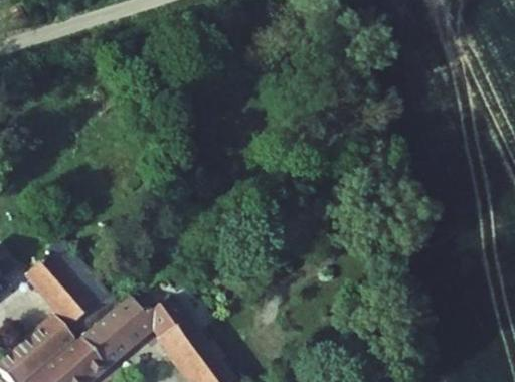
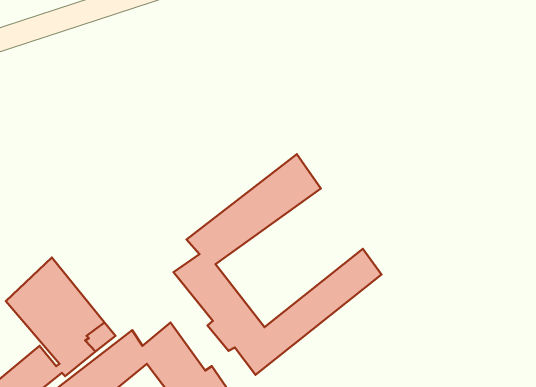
building: none -> [173,154,382,375]

